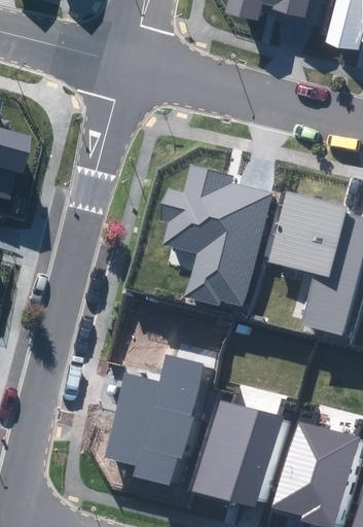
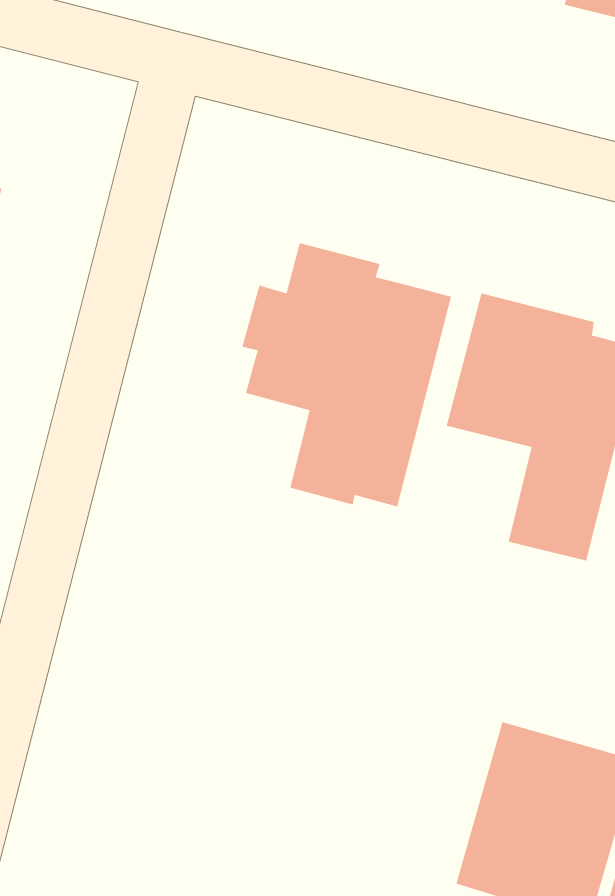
building: [103,355,202,486] -> none
building: [191,398,290,508] -> none

